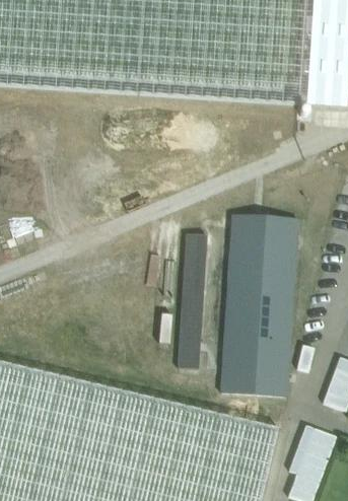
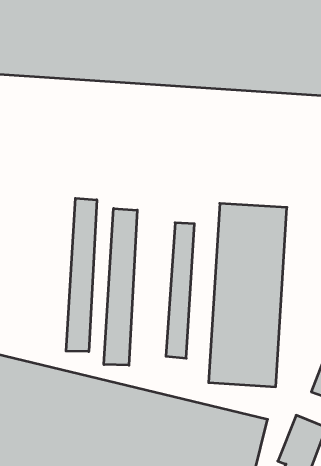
building: none -> [66,198,97,352]
building: none -> [104,208,137,365]

